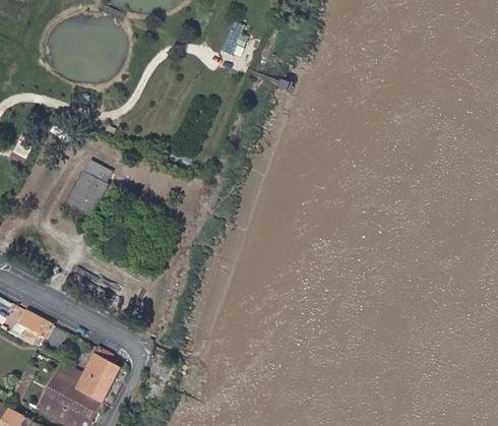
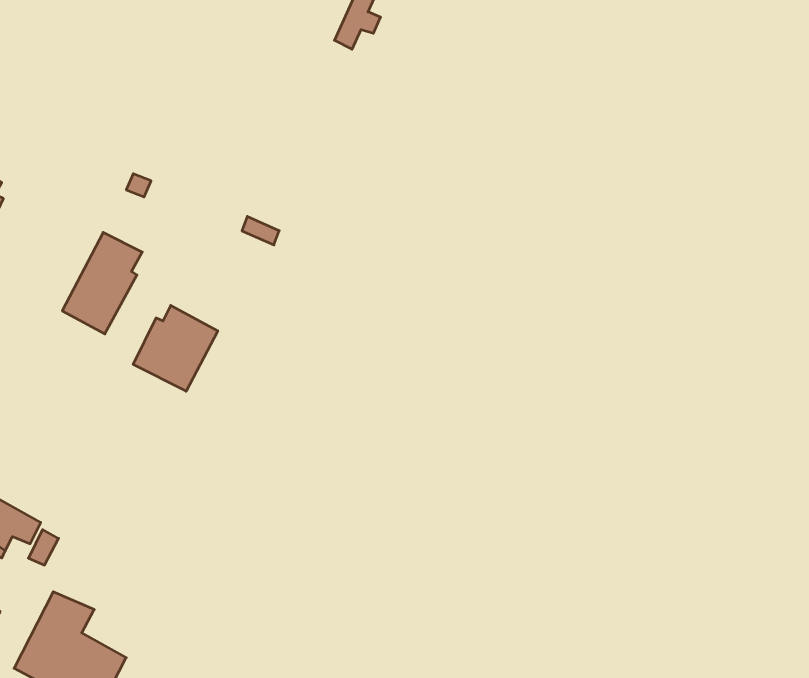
building: none -> [133,305,218,391]
building: [75,347,119,403] -> none

